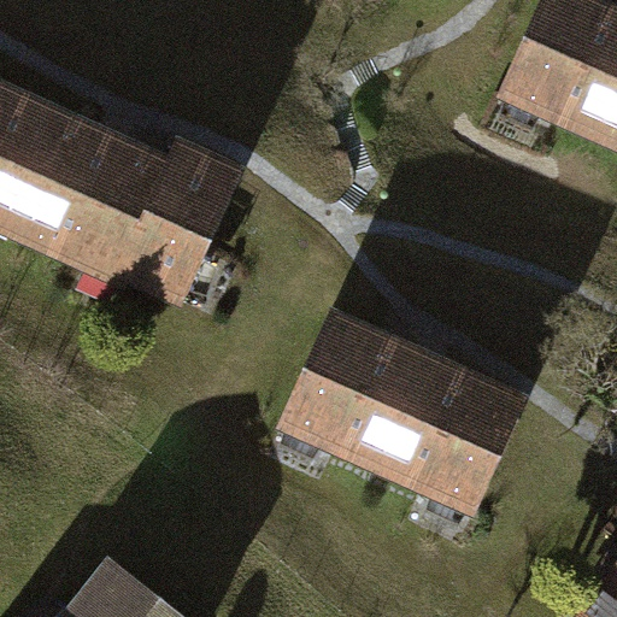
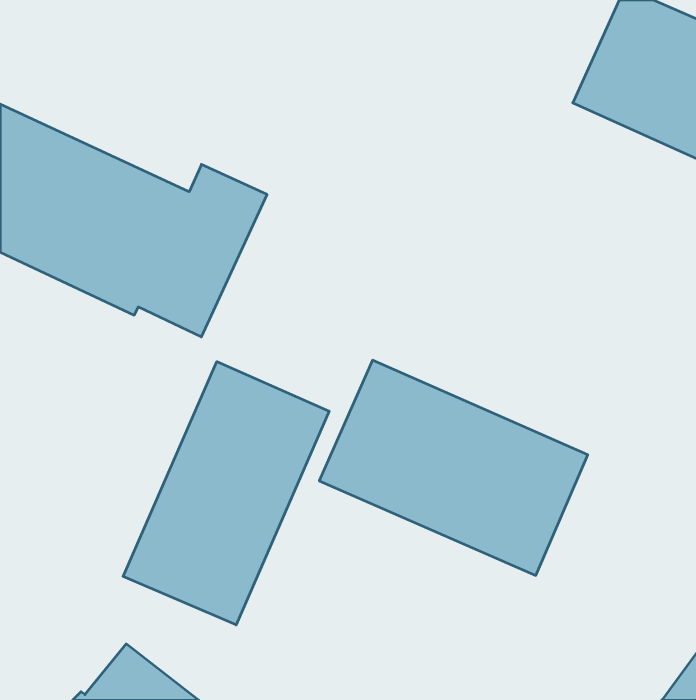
building: none -> [123,362,329,625]

